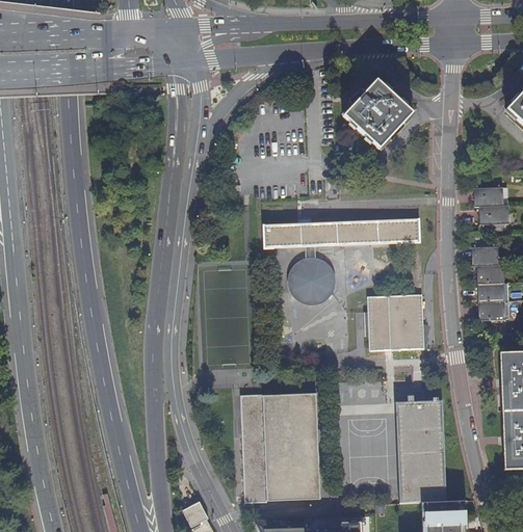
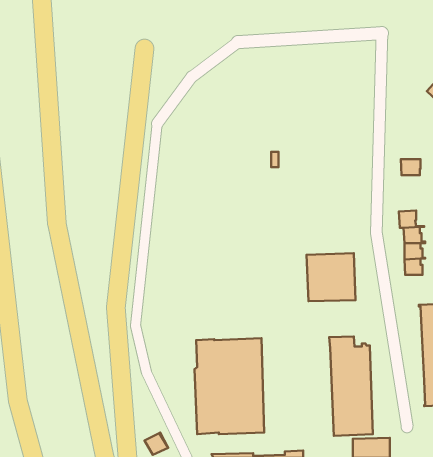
building: [344,79,413,148] -> none
building: [482,205,506,223] -> none
building: [264,217,421,304] -> none

